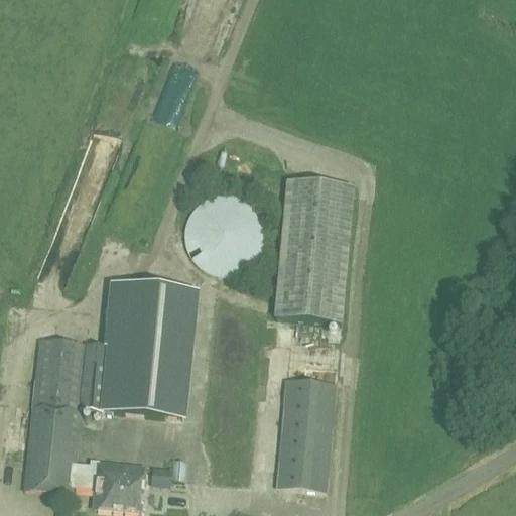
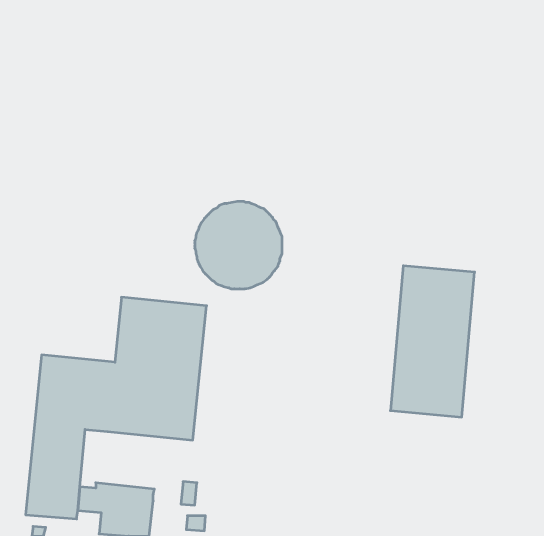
building: [275,177,355,320] -> [390,266,475,417]
building: [277,377,337,489] -> none

